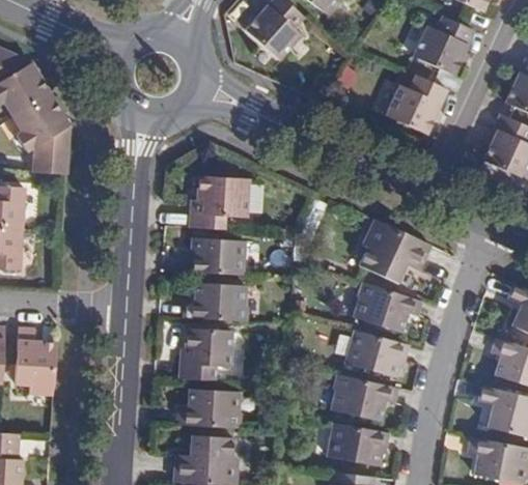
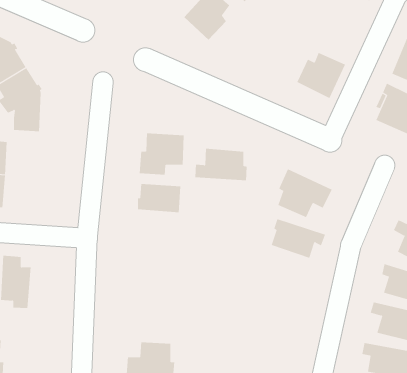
building: [412,17,475,77] -> none
building: [184,282,250,322] -> [194,148,248,181]
building: [178,329,230,380] -> none
building: [348,332,410,376] -> none
building: [333,376,397,421] -> none
building: [177,390,242,429] -> none
building: [330,424,390,464] -> none

